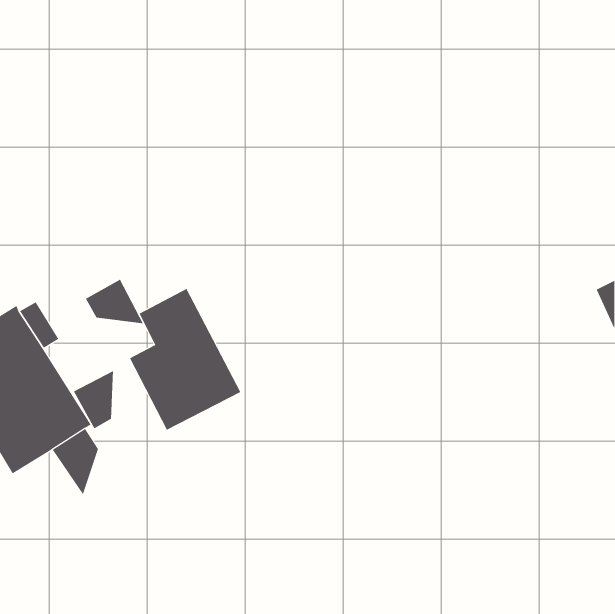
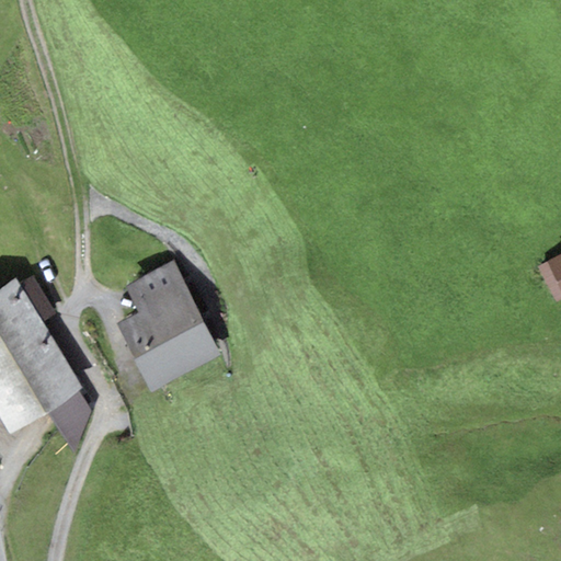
building: [85,279,144,324] -> none
building: [73,370,114,429] -> none

